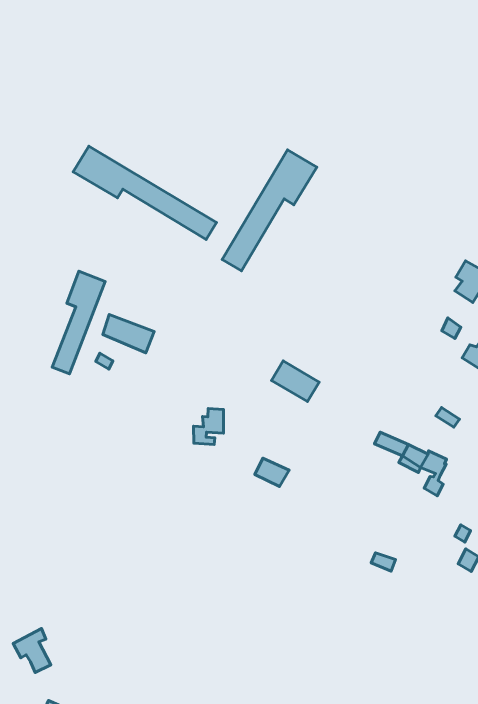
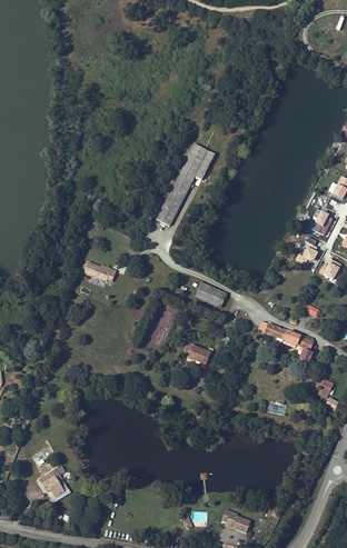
building: [73,146,217,240] -> none
building: [52,271,105,374] -> none

